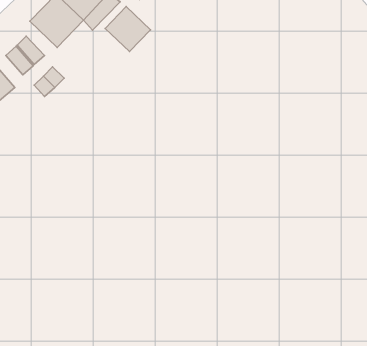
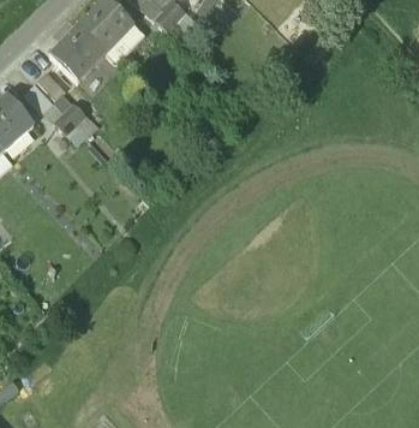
building: [105,7,150,52] -> none

